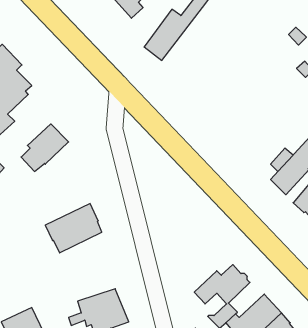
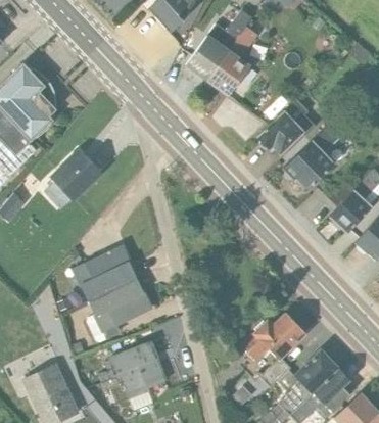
building: none -> [205,20,264,96]
building: none -> [256,98,316,155]
building: none -> [283,126,340,191]
building: none -> [88,277,154,341]

